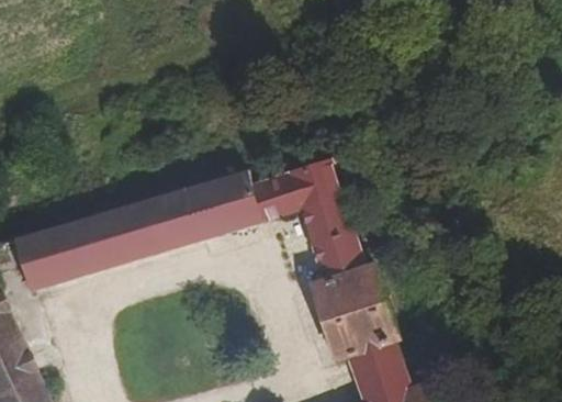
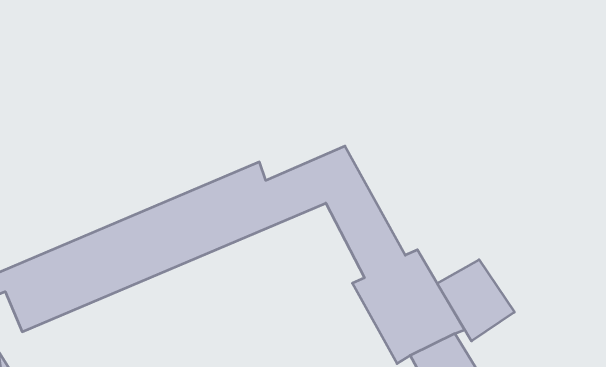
building: none -> [437,260,514,341]

